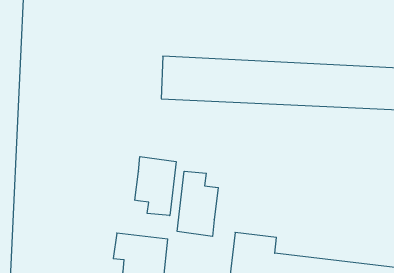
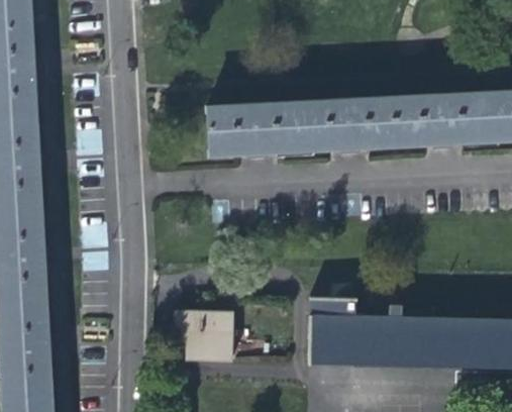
building: [135,157,176,216] -> none
building: [177,171,218,236] -> none

